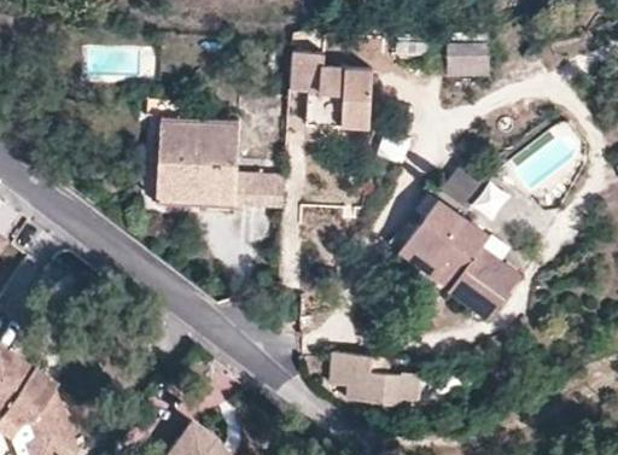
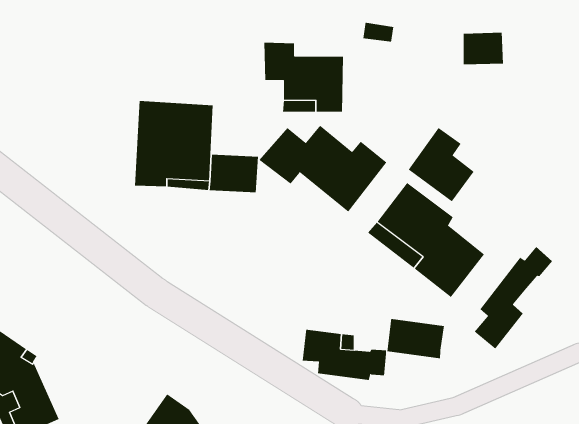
building: [447,42,489,76] -> [463,32,504,65]
building: none -> [259,125,387,212]
building: none -> [474,246,553,349]
building: none -> [387,318,444,359]

